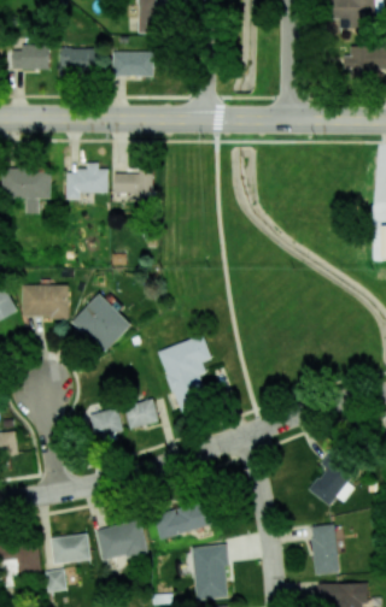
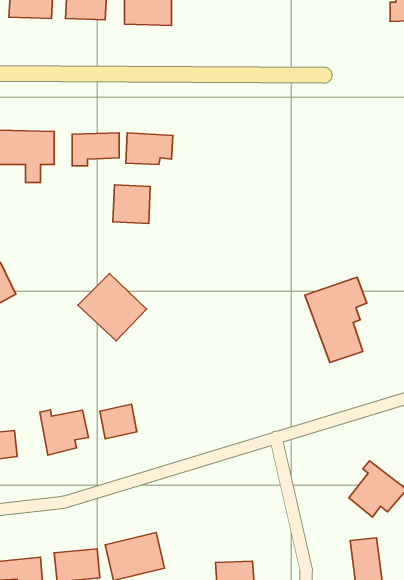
building: none -> [113,185,150,224]
building: [21,285,68,318] -> none
building: [157,336,211,411] -> [305,277,367,363]
building: [123,399,158,430] -> none
building: none -> [40,410,88,455]
building: [154,503,214,536] -> none

